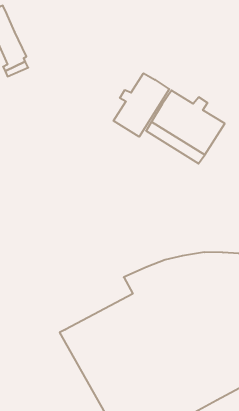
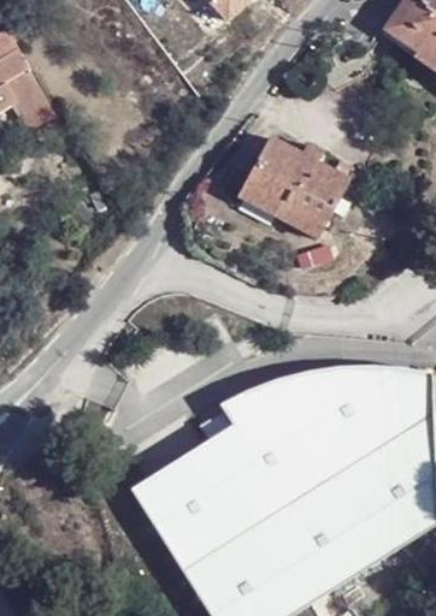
building: [114,73,169,137] -> none

